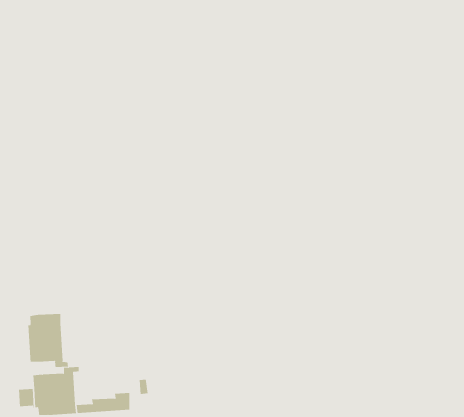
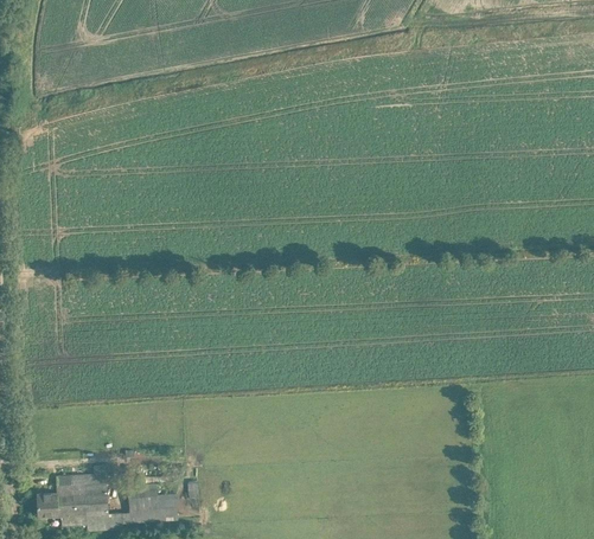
building: [28,313,68,368] -> none

